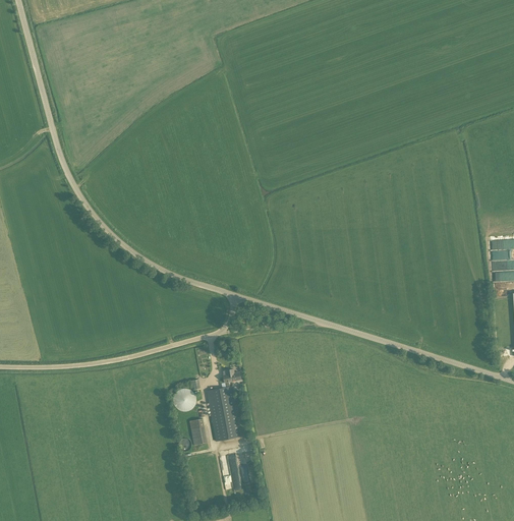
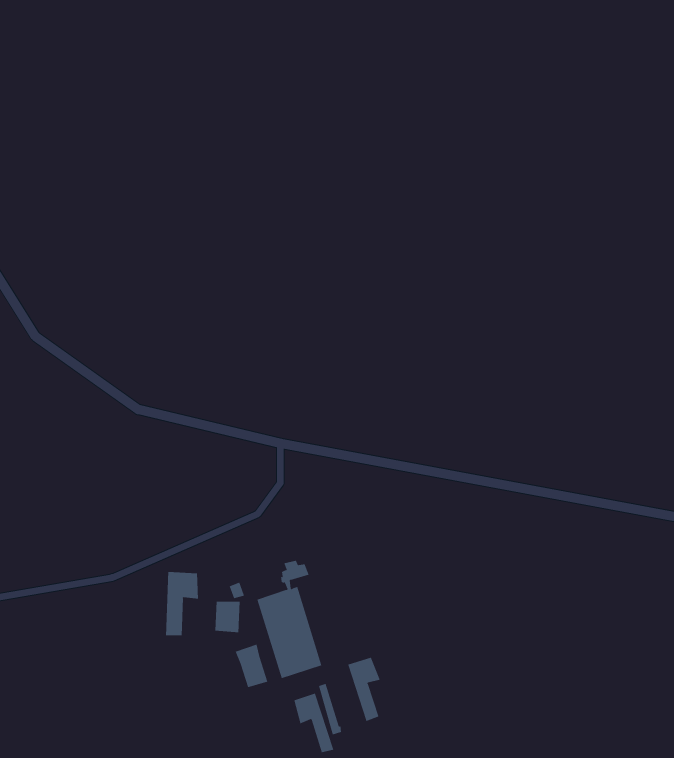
building: none -> [165,571,198,636]
building: none -> [348,657,380,722]

